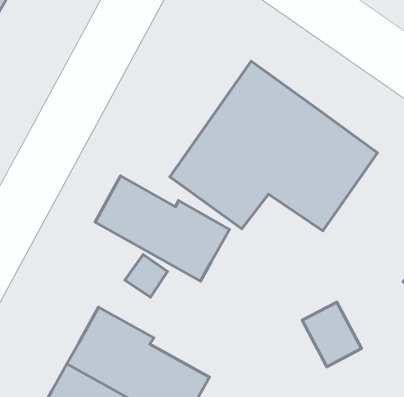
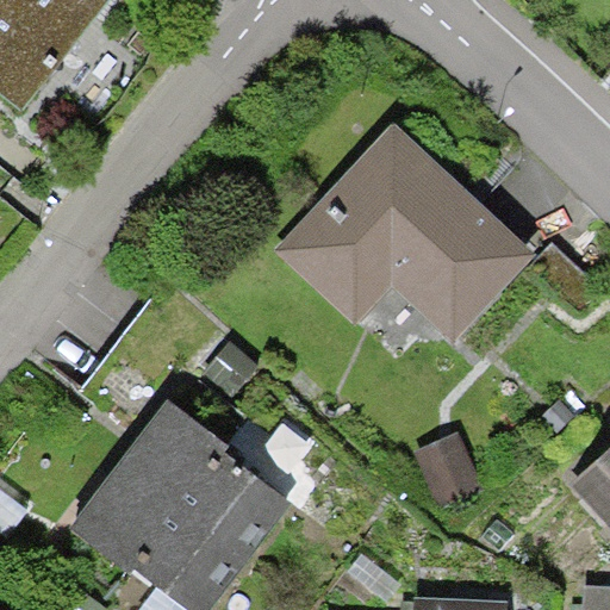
building: [95,176,229,281] -> none

